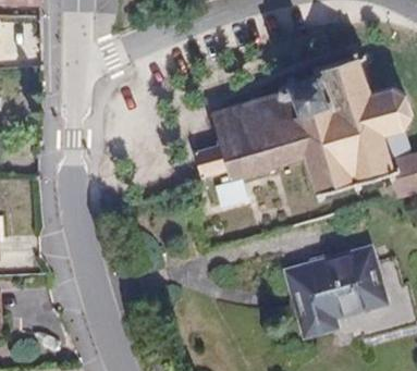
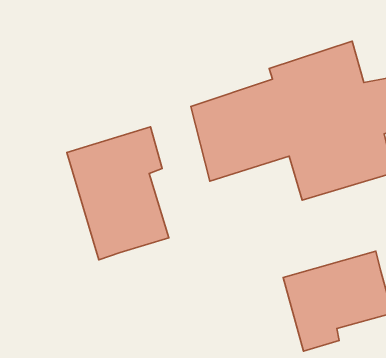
building: none -> [67,127,169,260]

